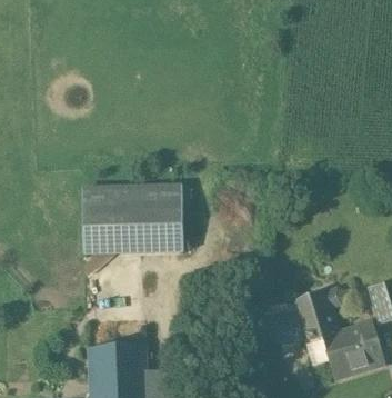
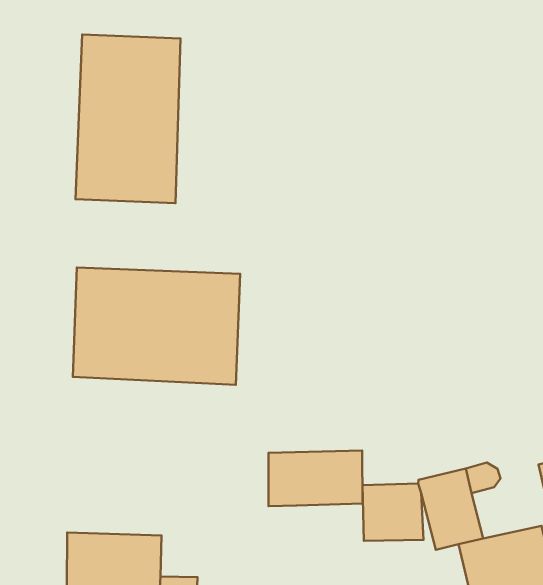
building: none -> [76,35,180,203]
building: none -> [268,450,362,506]

